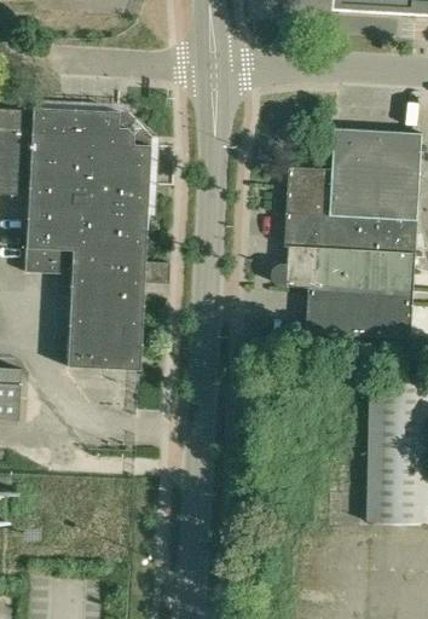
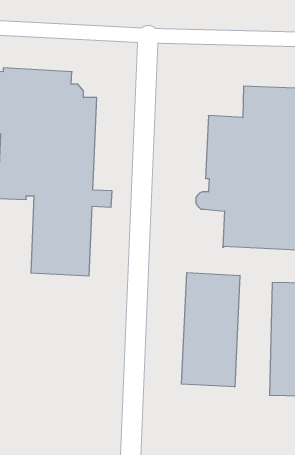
building: none -> [181,273,240,387]

